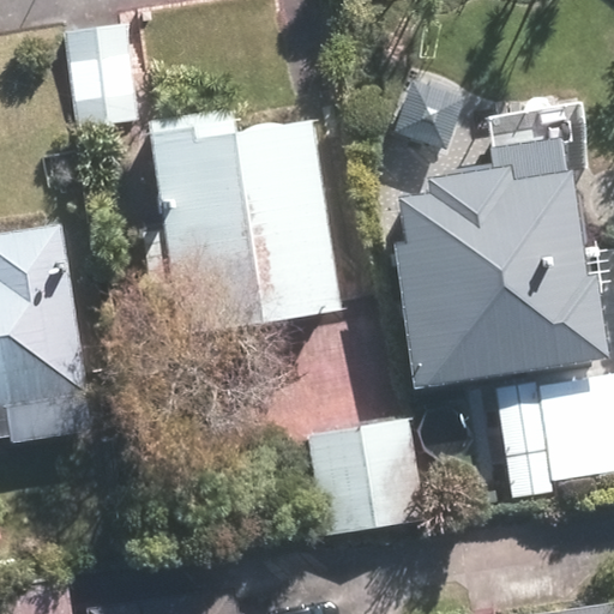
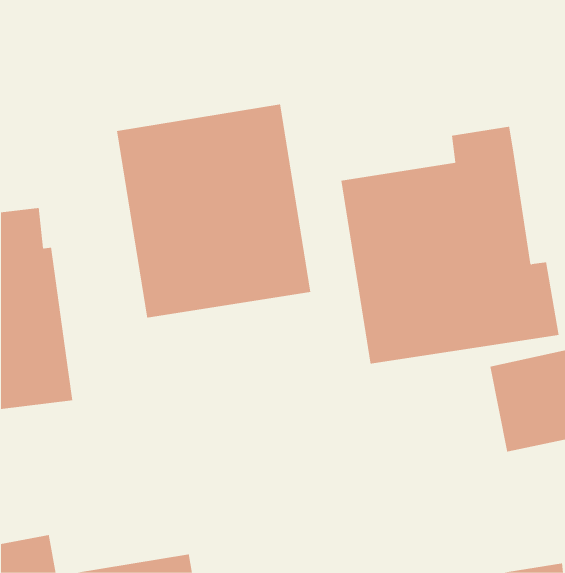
building: [59,12,152,132] -> none
building: [312,417,433,537] -> none

